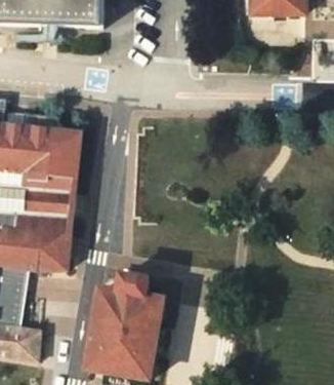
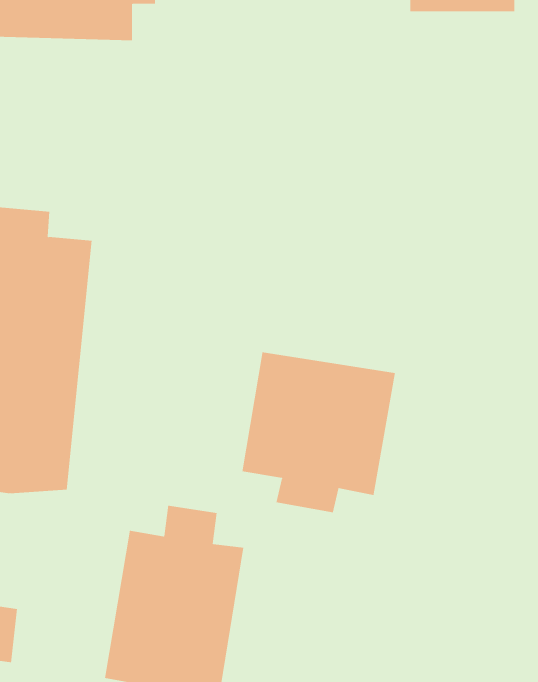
building: none -> [242,351,395,513]

